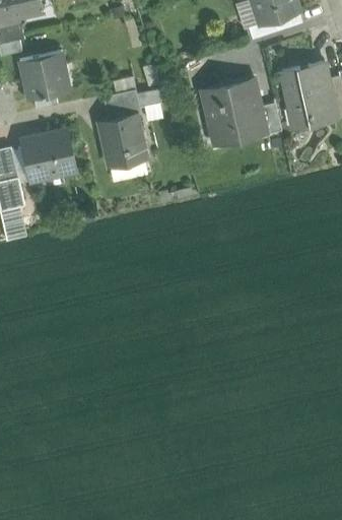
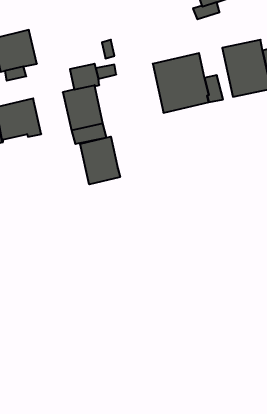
building: none -> [80,137,120,184]

